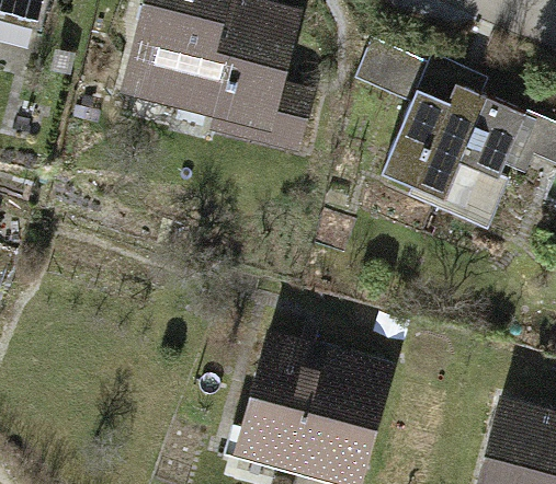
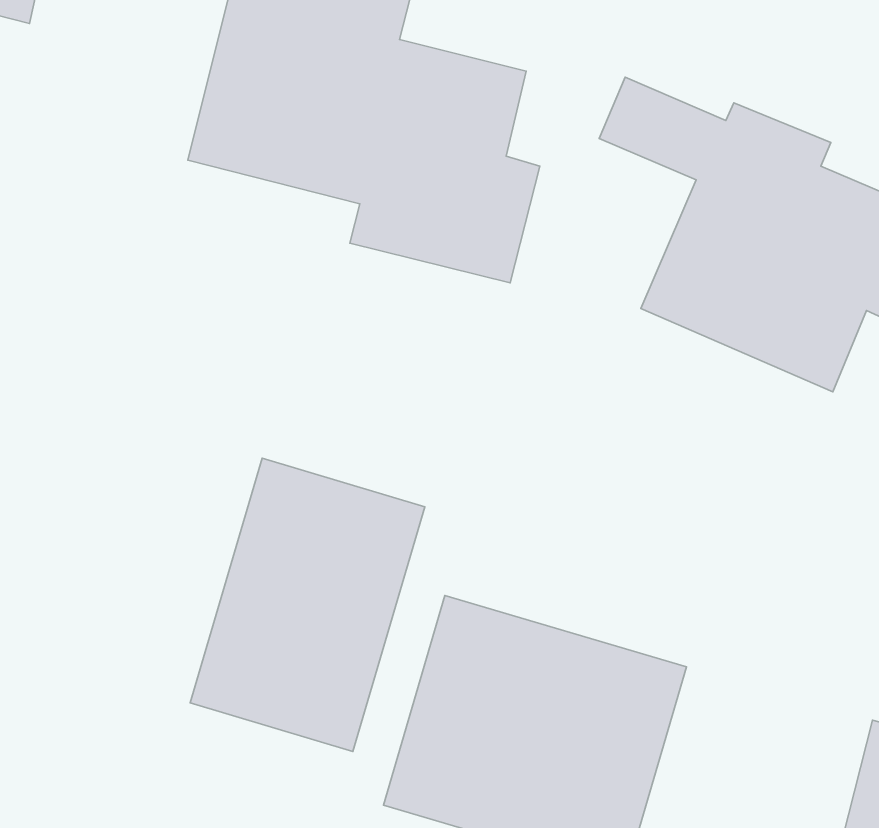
building: none -> [190,458,425,751]

